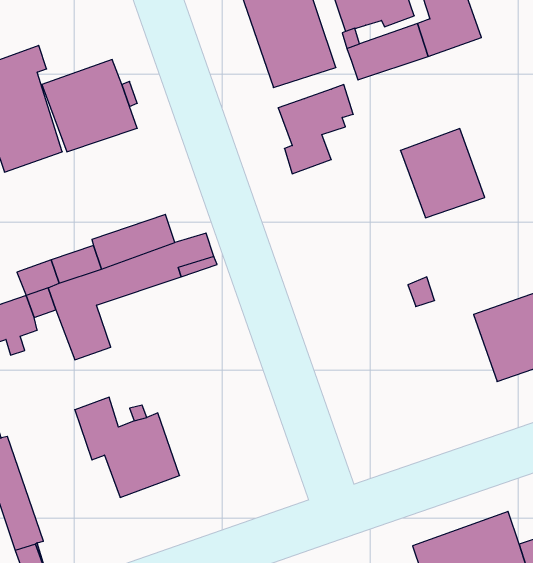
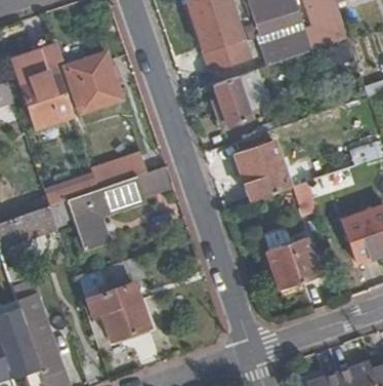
building: [400,129,485,218] -> [236,143,291,201]
building: none -> [267,238,318,291]

